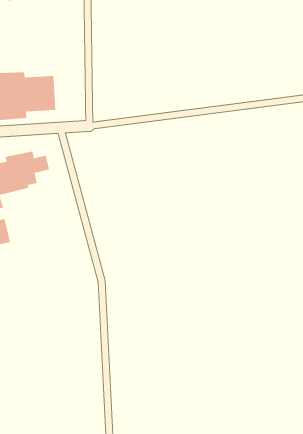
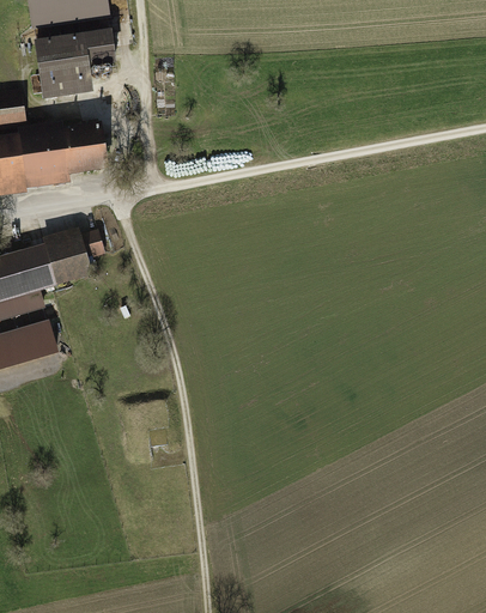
building: none -> [35,25,115,93]

